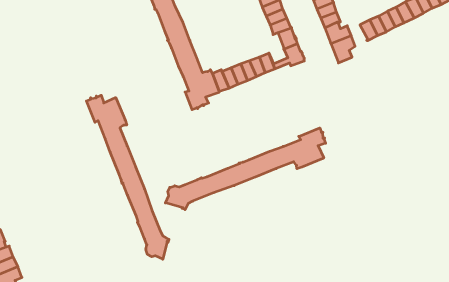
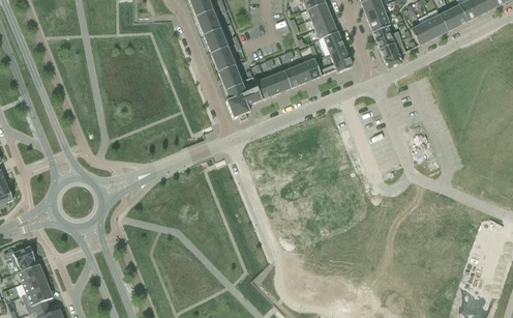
building: [86,95,169,259] -> none
building: [165,128,326,210] -> none

